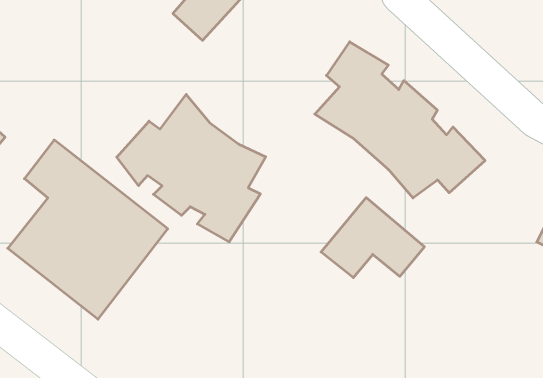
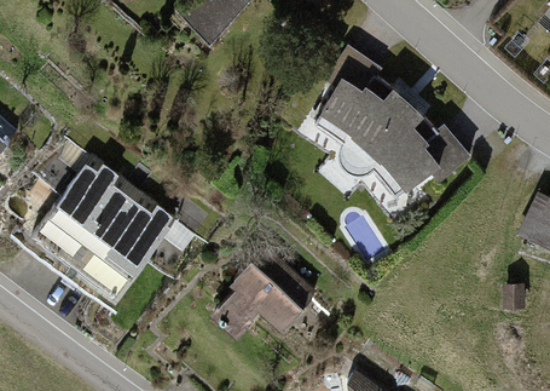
building: [117,94,266,242] -> none
building: [321,198,424,278] -> [208,263,305,338]

